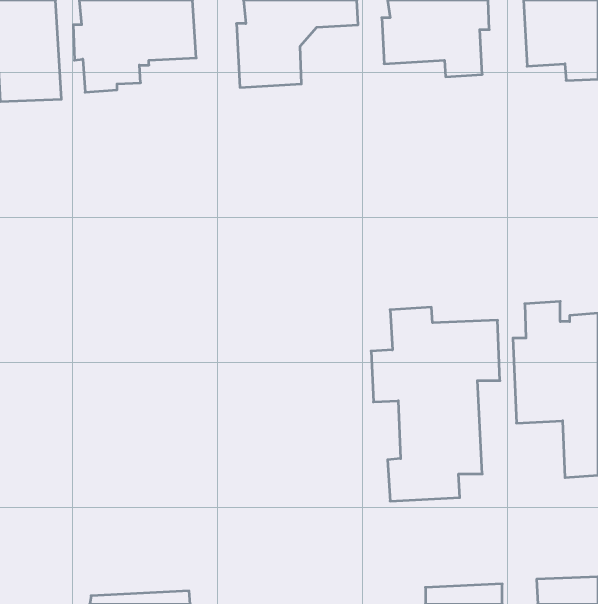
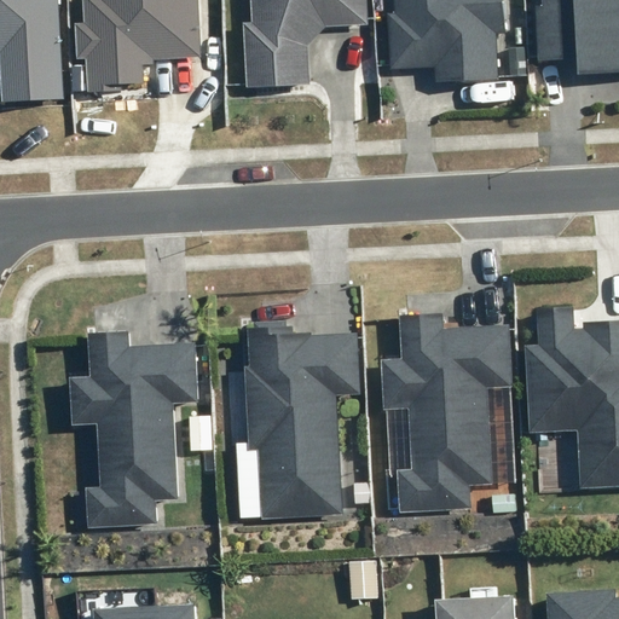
building: none -> [243,322,359,520]
building: none -> [69,334,197,527]

